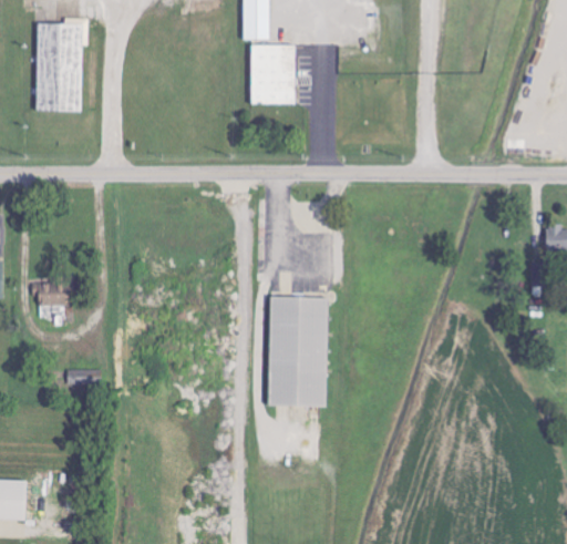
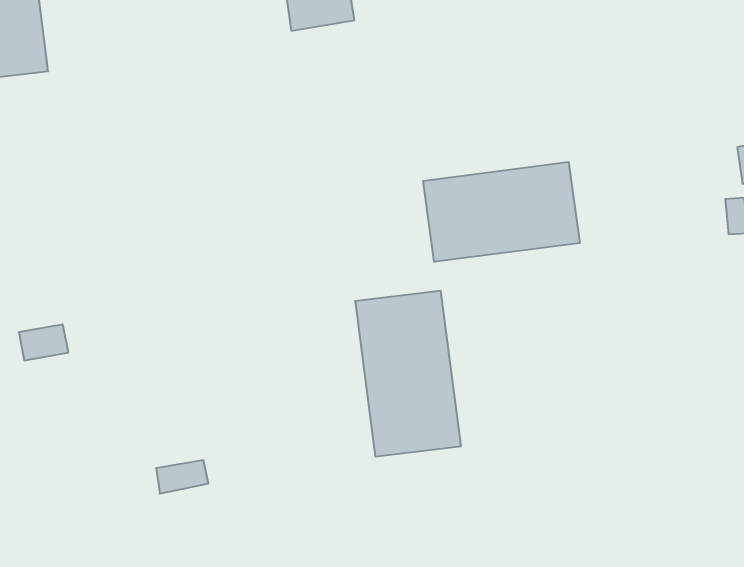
building: none -> [423,162,580,262]
building: [68,368,102,387] -> [156,460,208,494]

